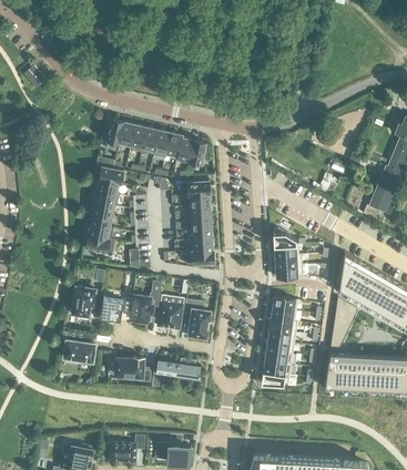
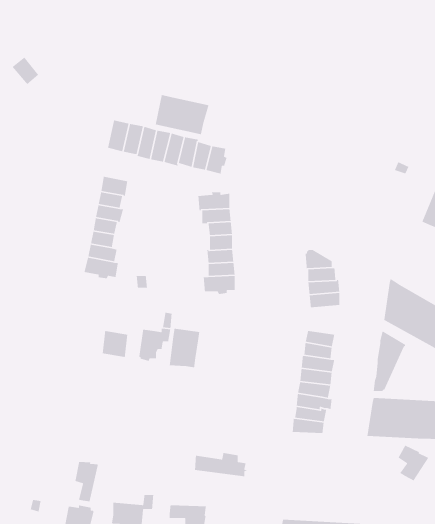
building: none -> [155,94,209,135]
building: [72,287,94,320] -> none
building: [183,299,210,339] -> none
building: [62,331,94,366] -> none
building: [115,357,150,381] -> none
building: [155,358,201,379] -> [194,452,248,477]
building: none -> [397,445,430,481]
building: none -> [75,461,99,502]

